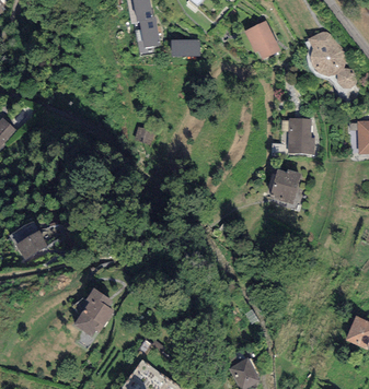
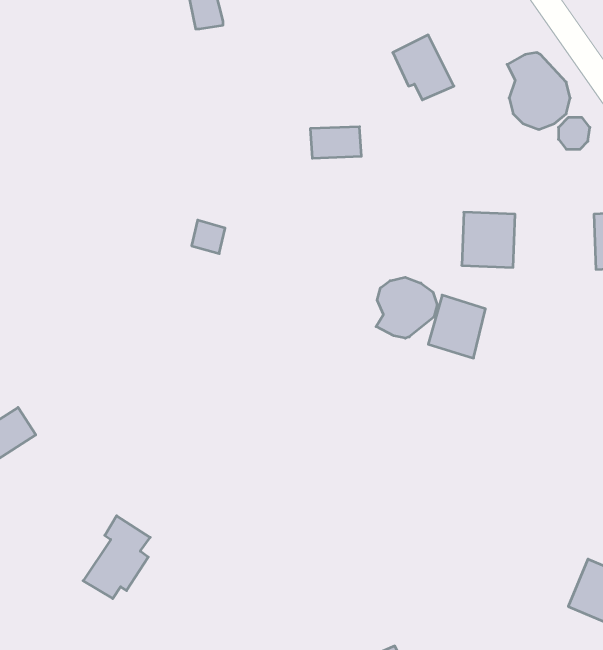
building: [139,15,160,46] -> none
building: [171,37,199,55] -> [310,127,361,158]
building: none -> [376,277,437,338]

